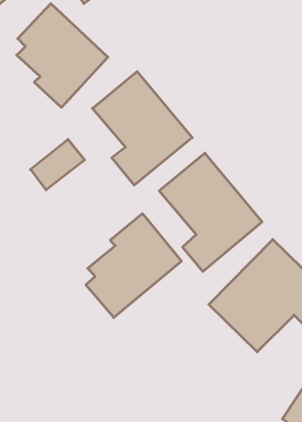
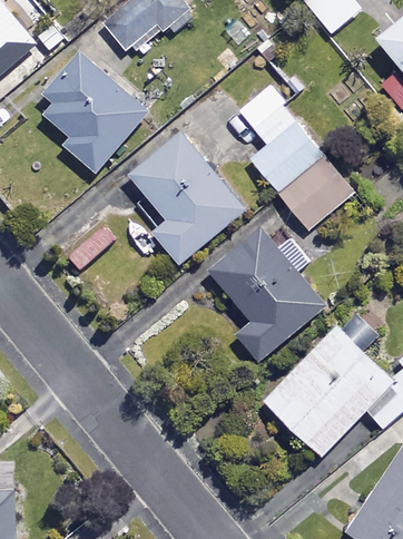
building: none -> [249,104,345,228]
building: [86,214,181,318] -> none

